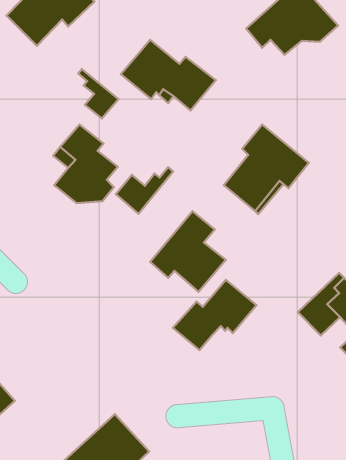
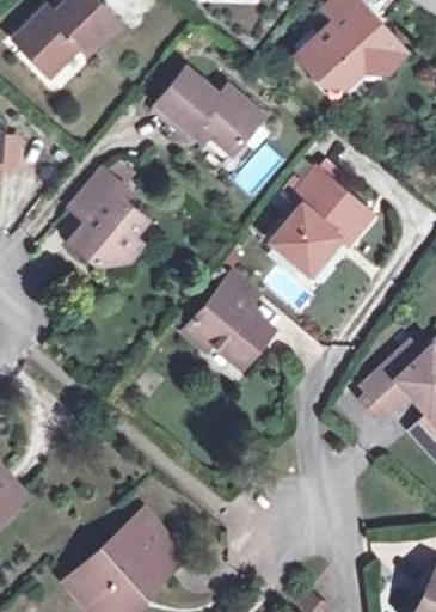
building: [78,69,118,119] -> none
building: [116,167,173,214] -> none
building: [173,280,257,350] -> none

